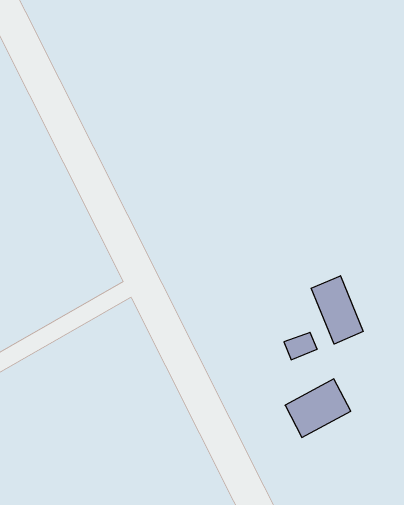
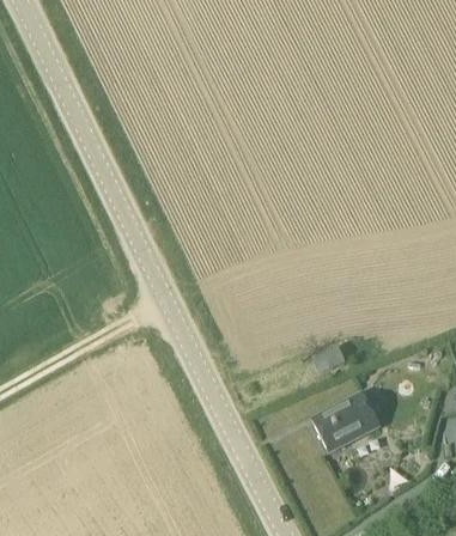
building: [311,276,363,344] -> none

